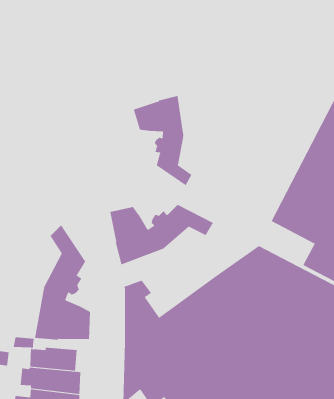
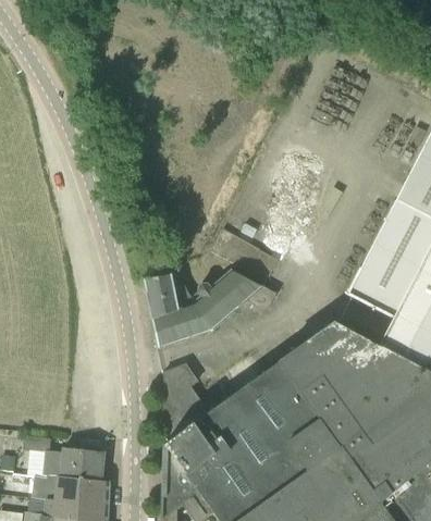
building: [133,95,192,186] -> none
building: [35,224,91,340] -> none

